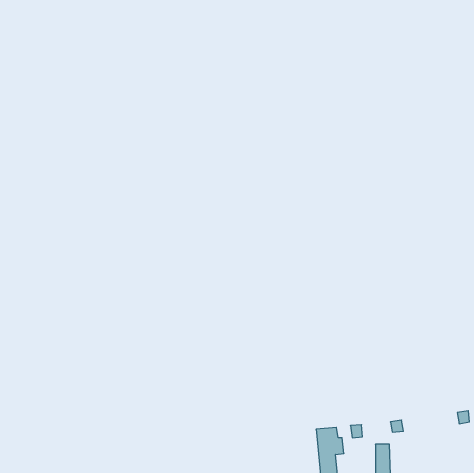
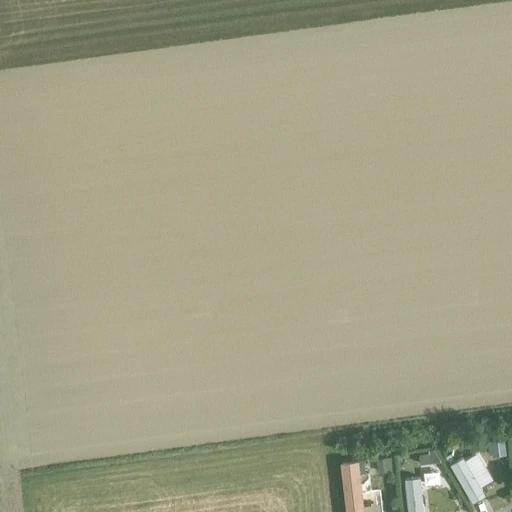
building: none -> [453,455,479,499]

